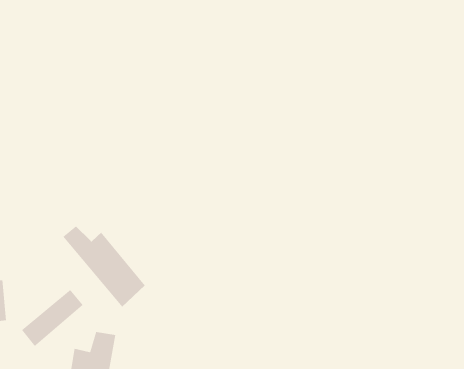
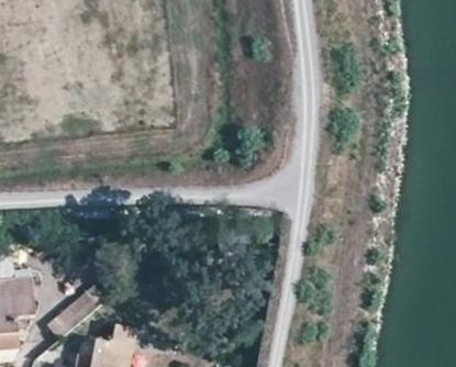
building: [62,225,145,307] -> none

